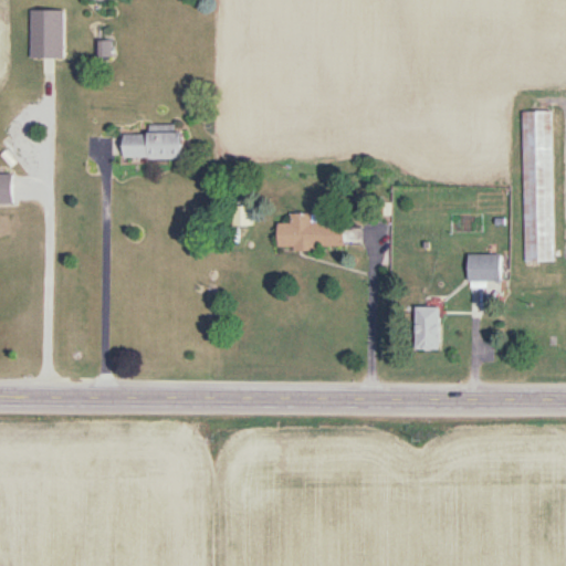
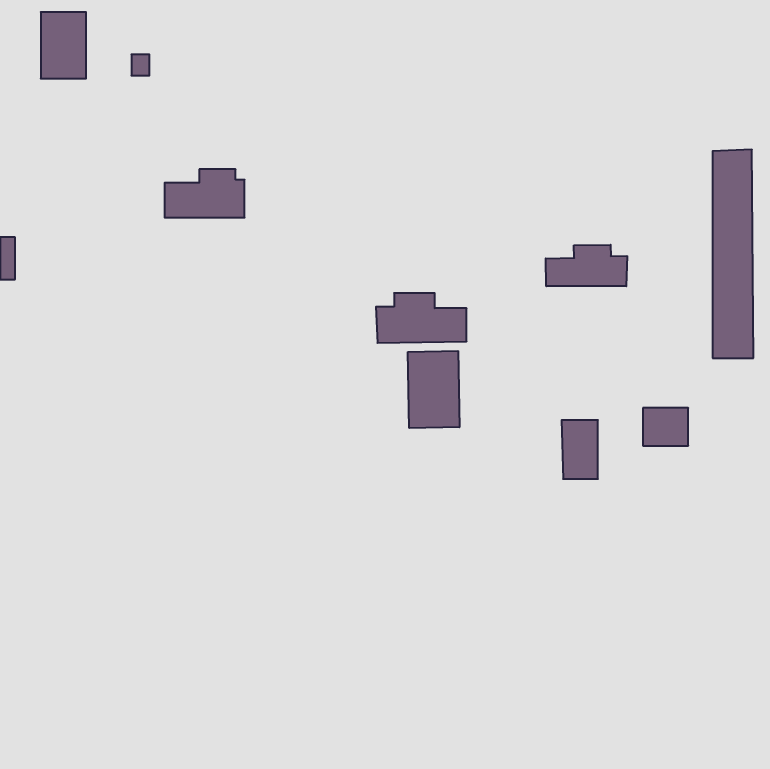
building: none -> [546,245,627,286]
building: [467,254,500,282] -> [643,408,688,446]
building: none -> [408,351,459,428]

